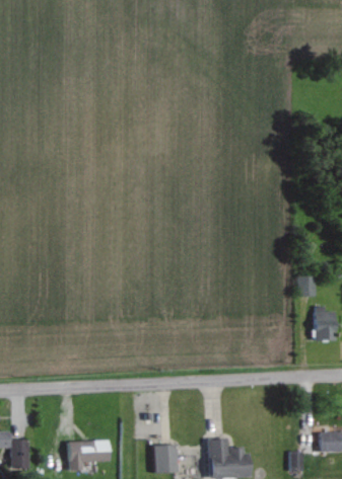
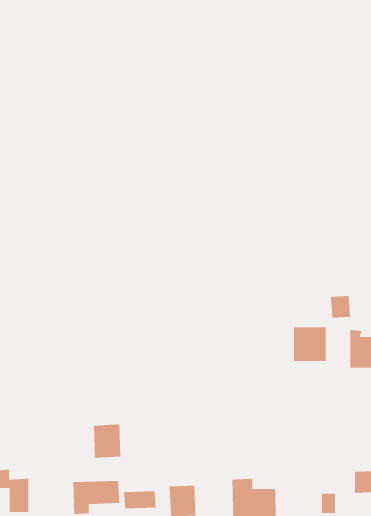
building: none -> [294,327,326,362]
building: none -> [93,424,121,459]
building: none -> [123,491,156,509]

